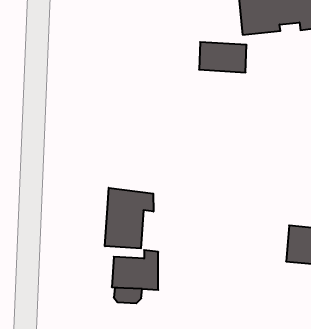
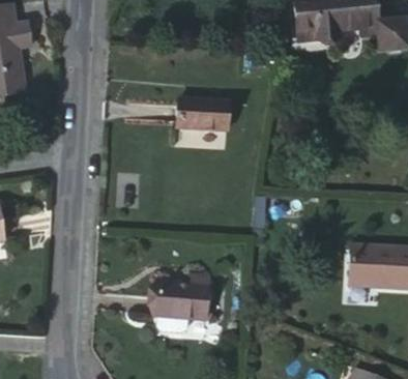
building: [199,42,247,72] -> [176,99,228,133]
building: [105,188,153,248] -> none

